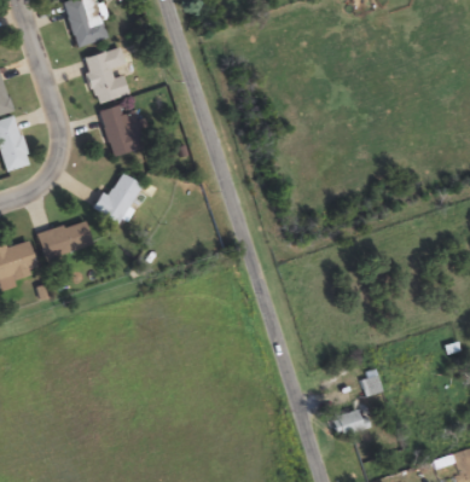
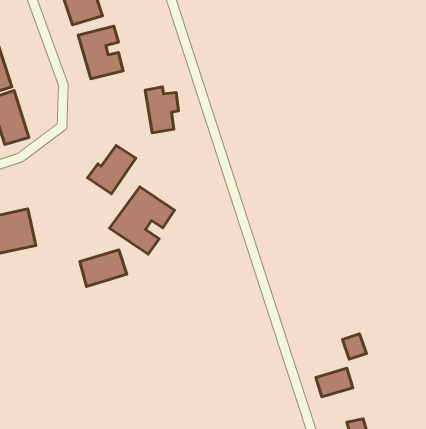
building: [103,105,138,153] -> [145,87,178,133]
building: none -> [110,187,175,254]
building: [37,221,87,260] -> [80,250,127,287]

